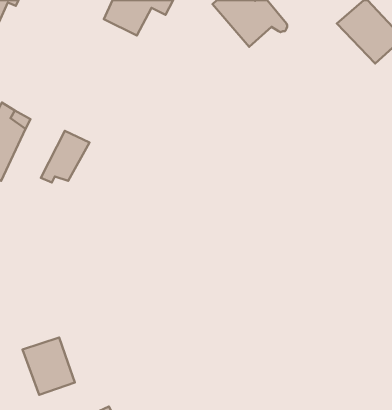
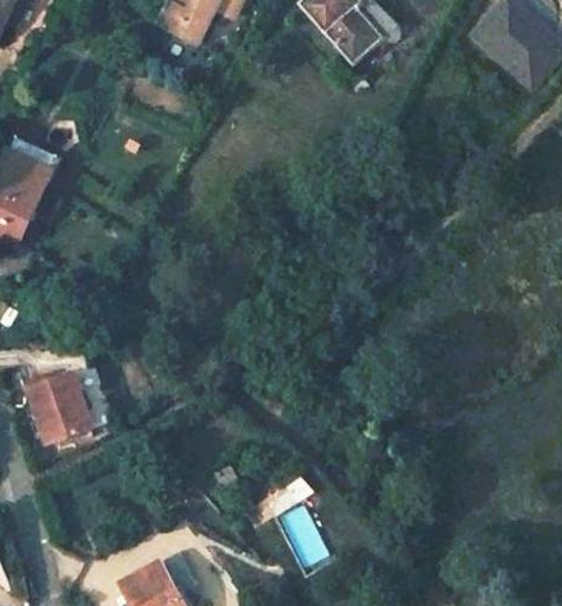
building: [41,131,89,183] -> none
building: [23,337,75,395] -> [22,352,93,431]

